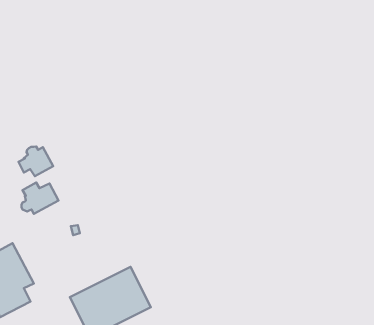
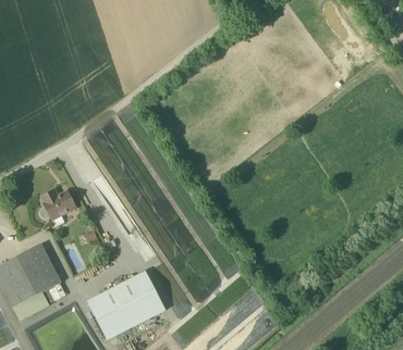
building: [18,147,53,176] -> none

